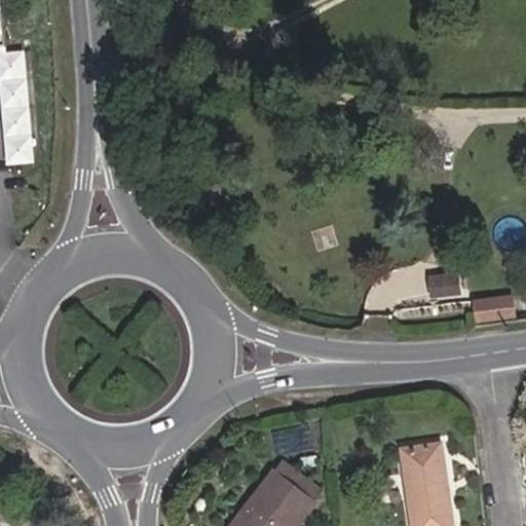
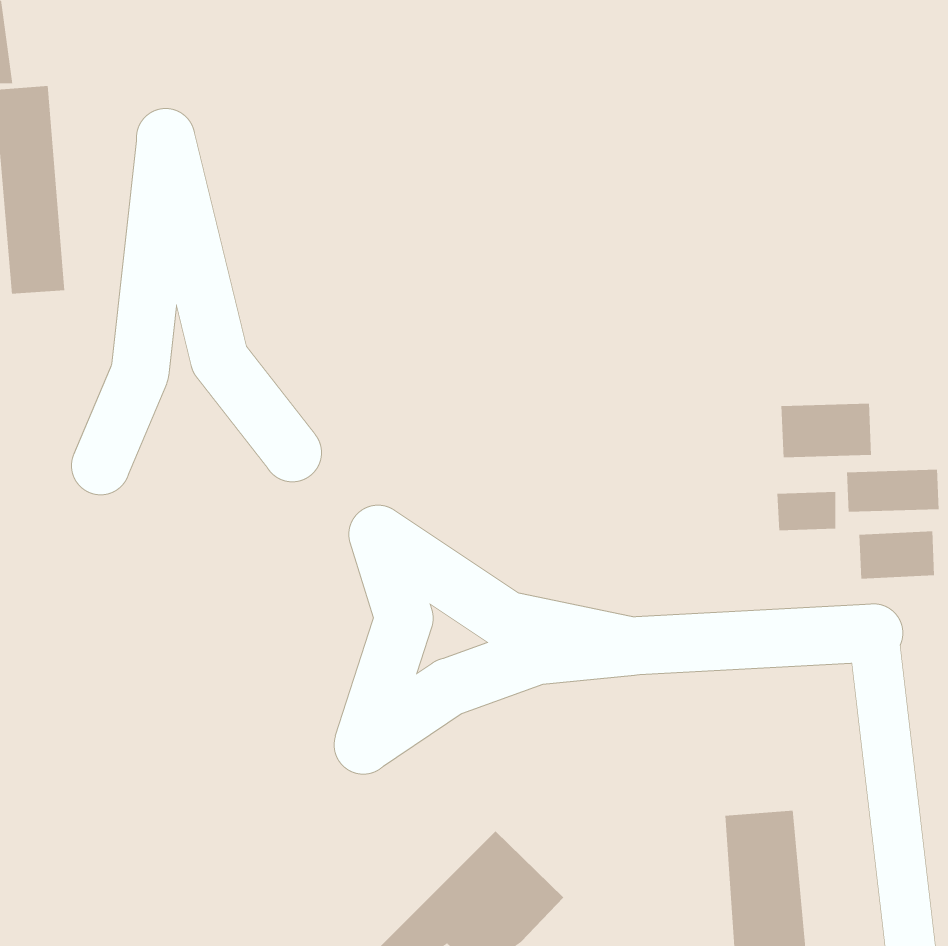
building: none -> [781,403,871,458]
building: none -> [846,469,939,513]

